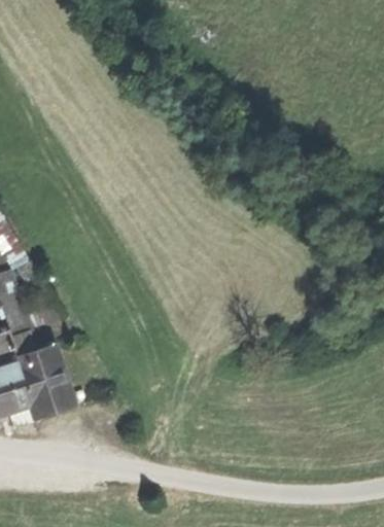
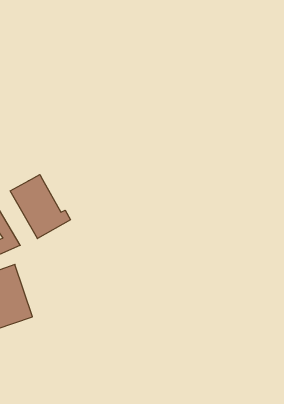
building: none -> [10,175,70,239]

